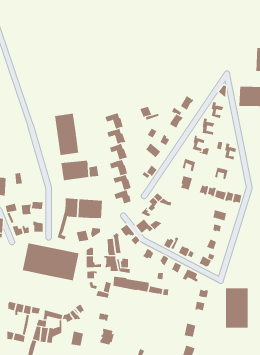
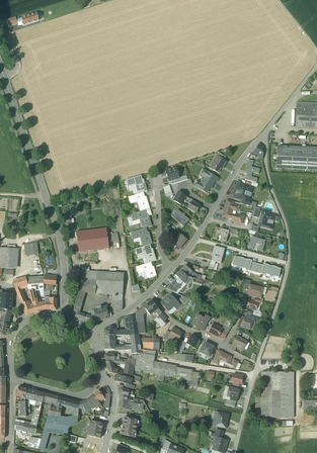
building: [55,113,79,156] -> none
building: [22,242,79,281] -> none

